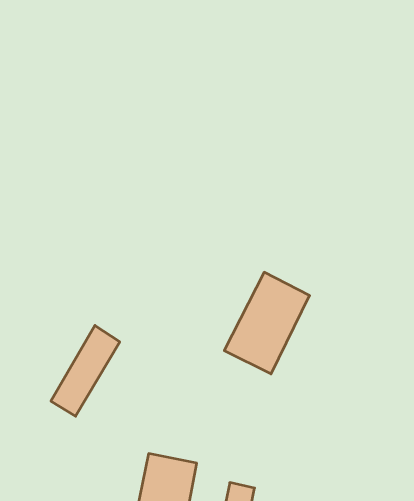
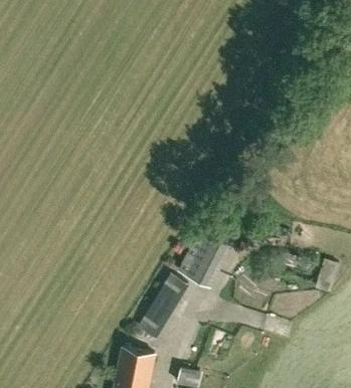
building: [51,325,120,416] -> [139,273,189,340]

